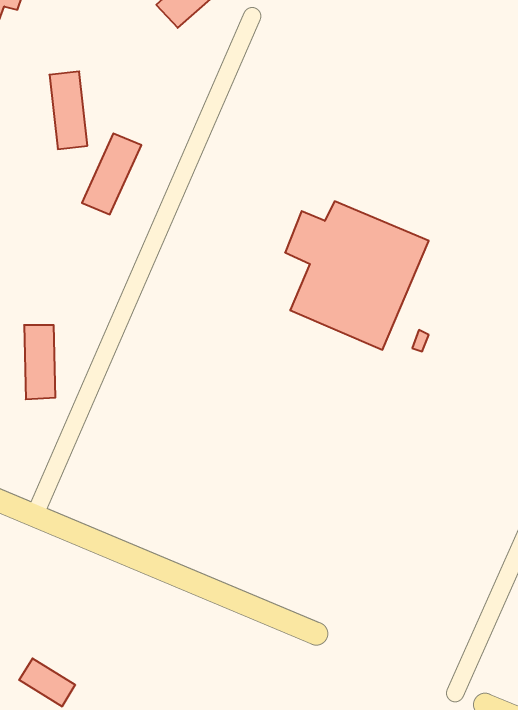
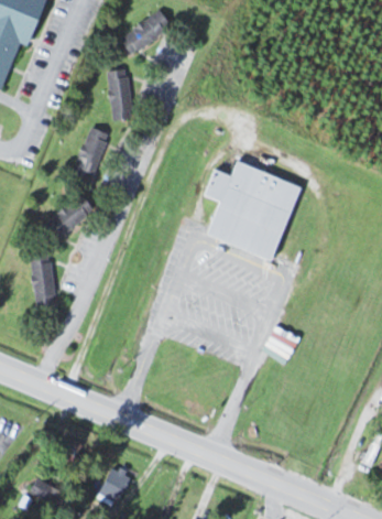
building: [49,71,87,149] -> [108,66,133,118]
building: none -> [43,192,96,238]
building: none -> [98,463,132,505]

